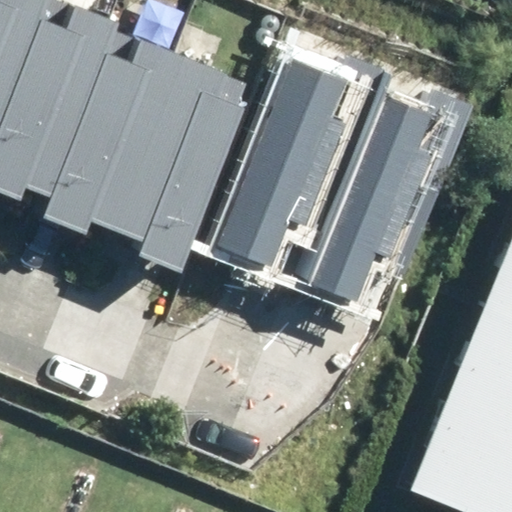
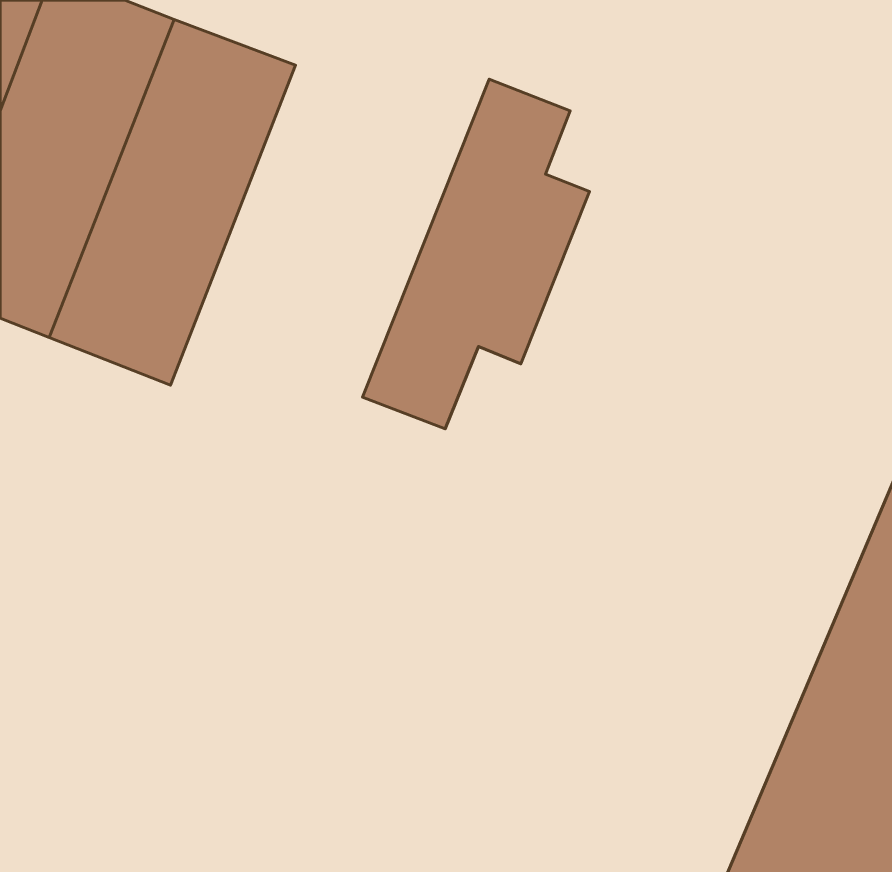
building: [101,52,240,260] -> none
building: [306,93,435,292] -> none

